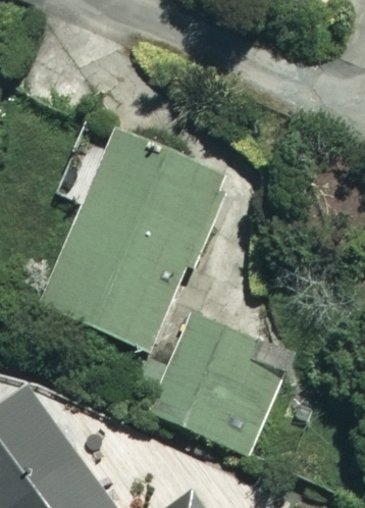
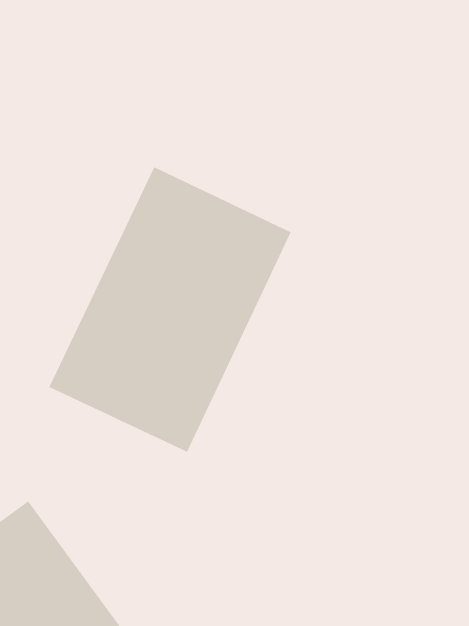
building: [151,315,291,453] -> none

